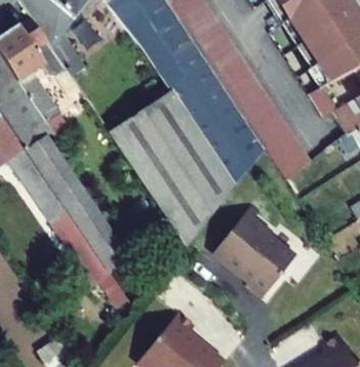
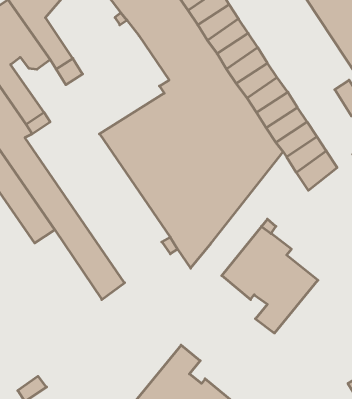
building: [53,213,134,318] -> none

